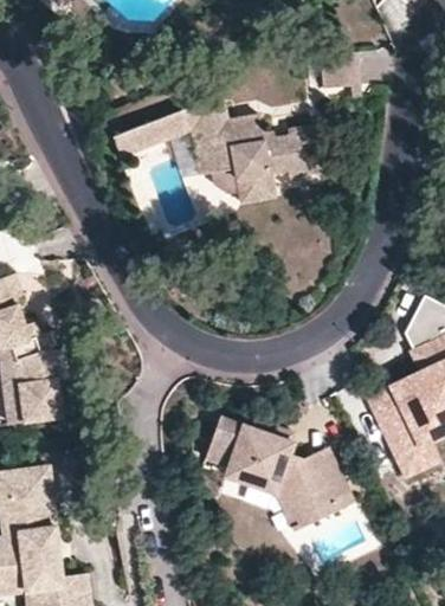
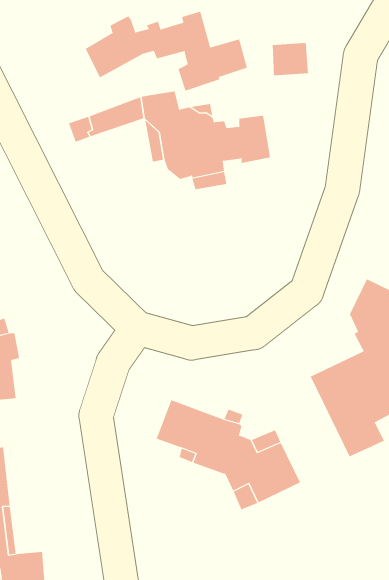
building: none -> [85,11,248,91]

